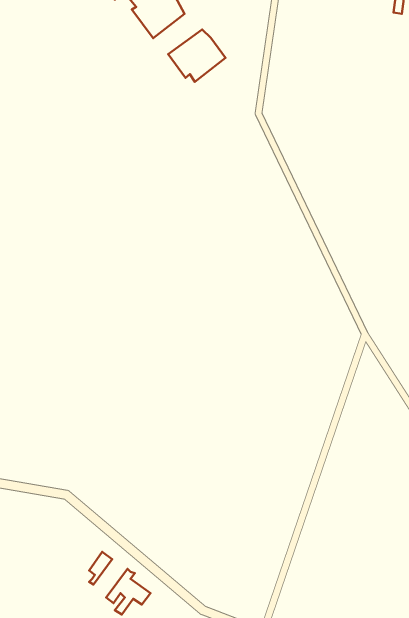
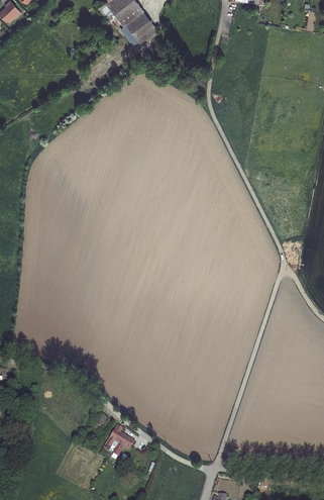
building: [168,29,226,82] -> none

